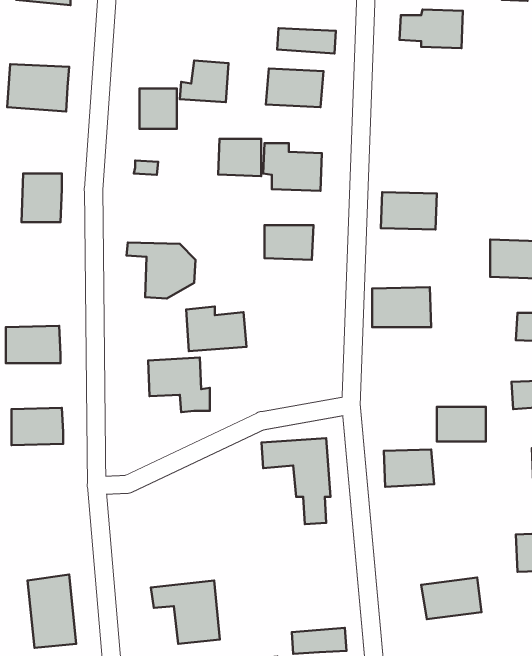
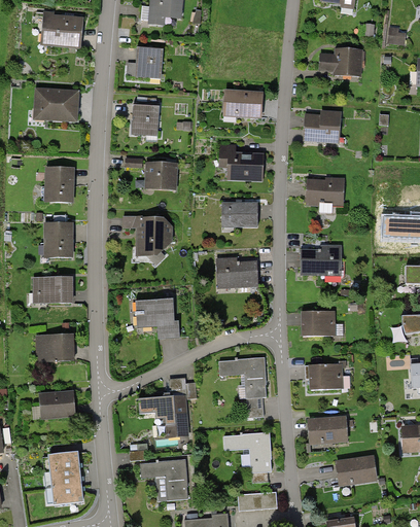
building: [277,28,336,54] -> none
building: [180,60,229,102] -> [129,46,164,76]
building: none -> [302,113,340,142]
building: [218,139,261,176] -> [147,162,178,188]
building: none -> [47,221,74,256]
building: [186,306,246,351] -> [214,257,257,289]
building: [437,407,486,441] -> [299,311,334,336]
building: none -> [41,389,77,417]
building: none -> [136,392,189,437]
building: none -> [305,417,345,444]
building: none -> [223,432,272,473]

